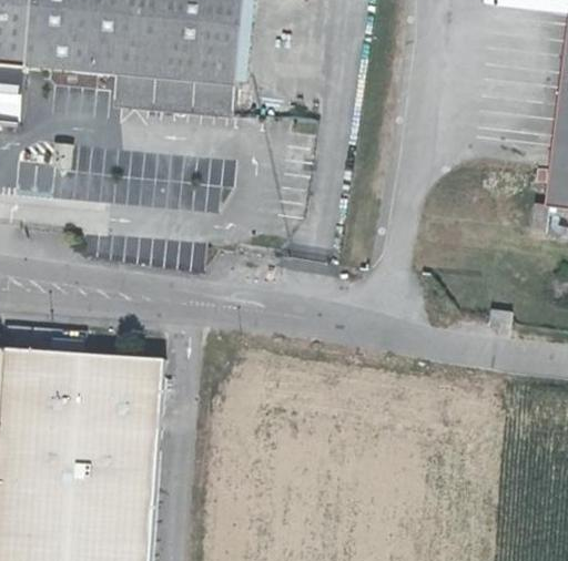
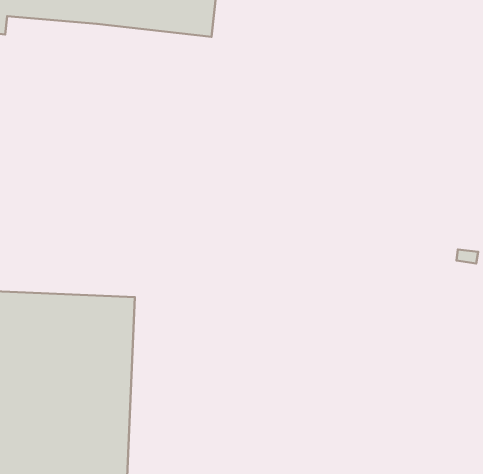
building: [116,73,237,120] -> none

